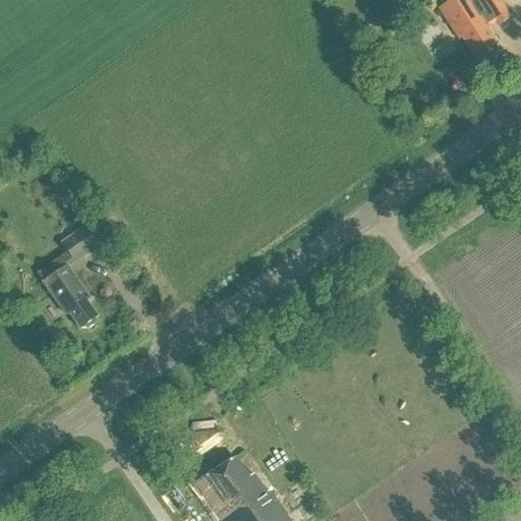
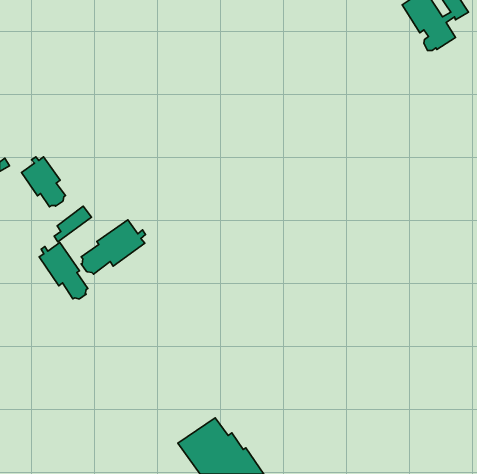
building: none -> [22,157,66,207]
building: none -> [81,220,145,274]

